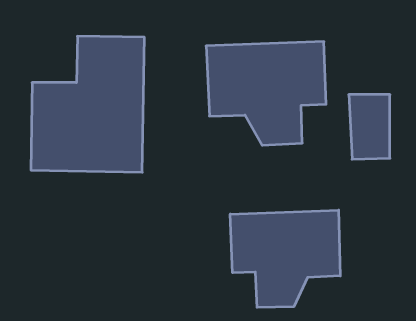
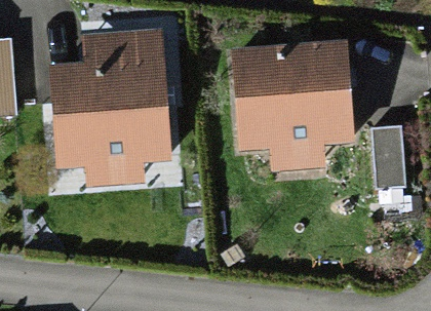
building: [230,210,340,307] -> none

